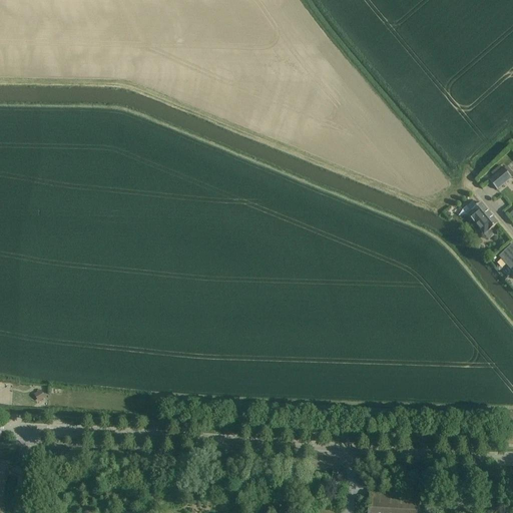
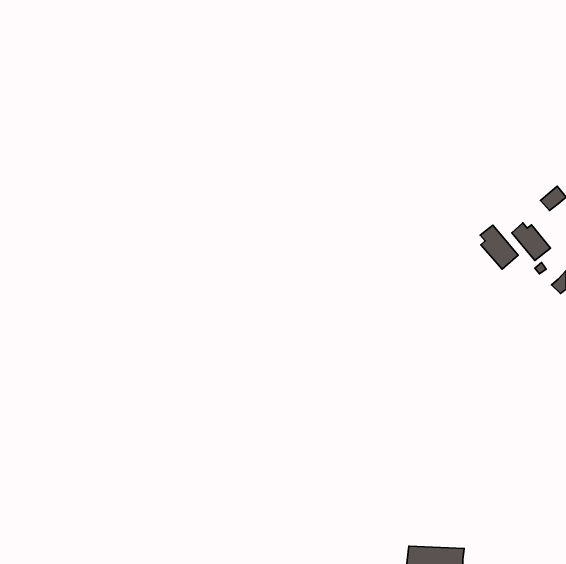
building: none -> [480,225,518,269]

